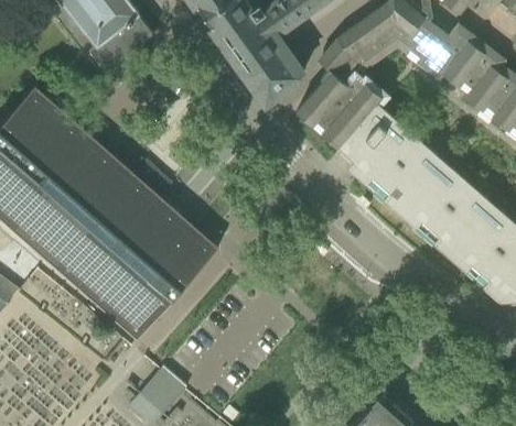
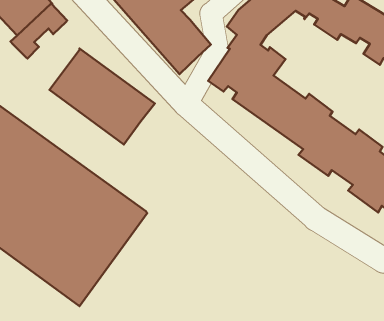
building: none -> [50,49,155,144]

